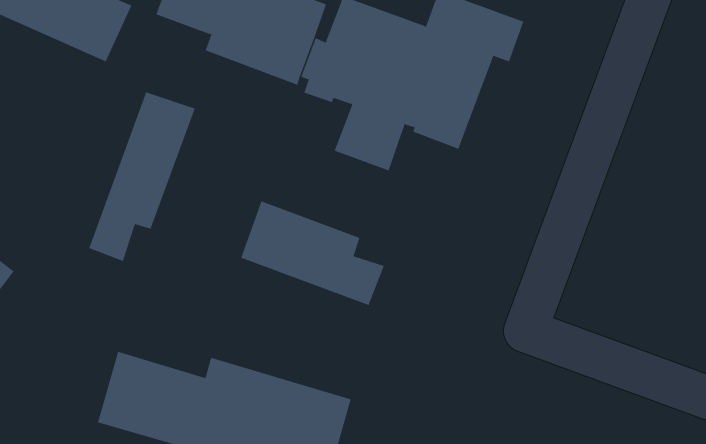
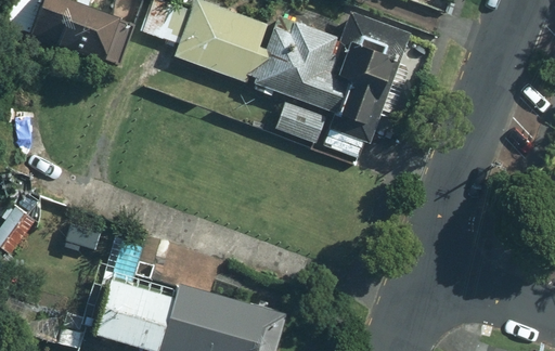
building: [88,91,195,262] -> none
building: [241,200,385,306] -> none

